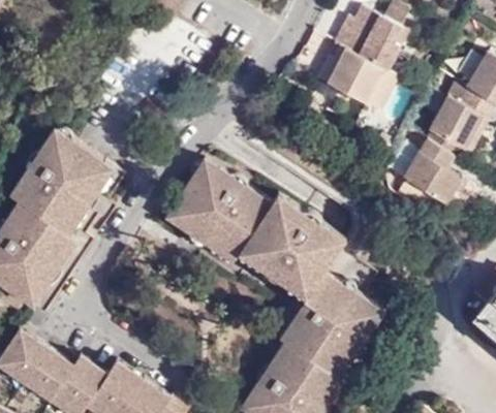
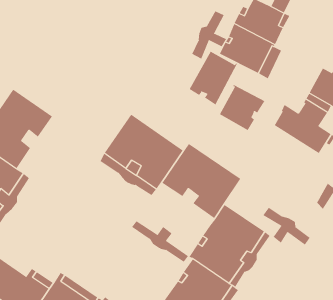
building: none -> [191,10,227,60]
building: none -> [189,51,238,105]
building: none -> [219,84,265,131]
building: [60,160,114,232] -> none
building: [238,245,311,298] -> [131,220,189,263]
building: none -> [263,207,310,246]

